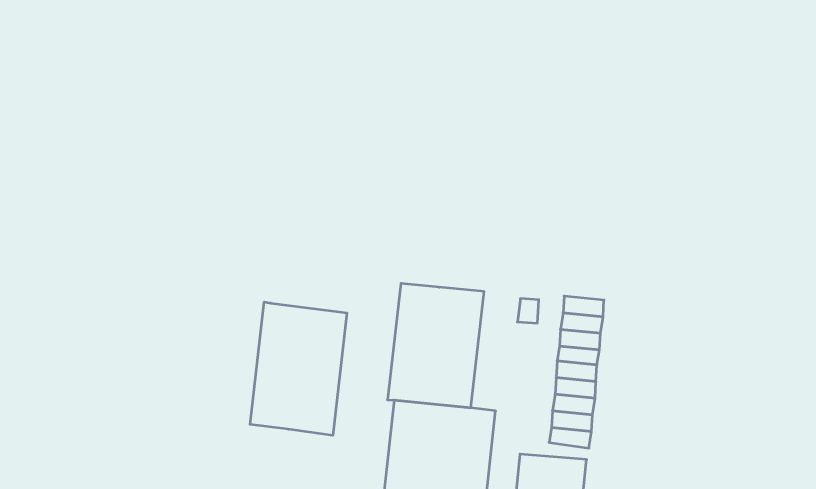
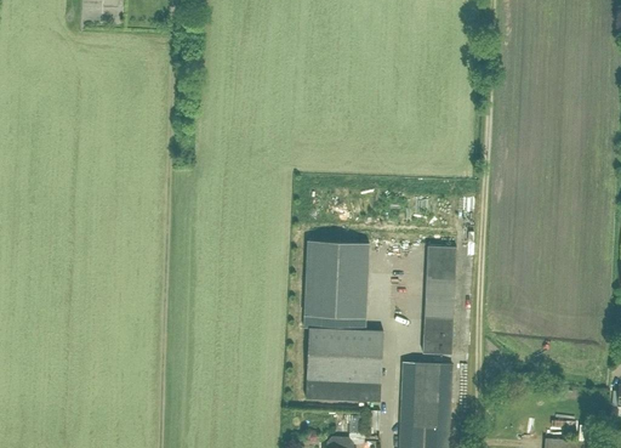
building: [250,302,347,435] -> none

